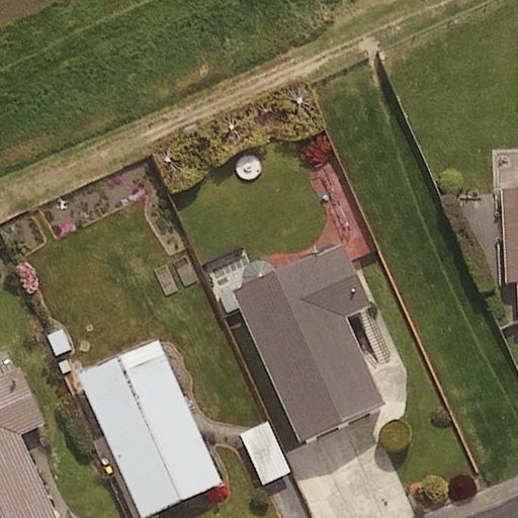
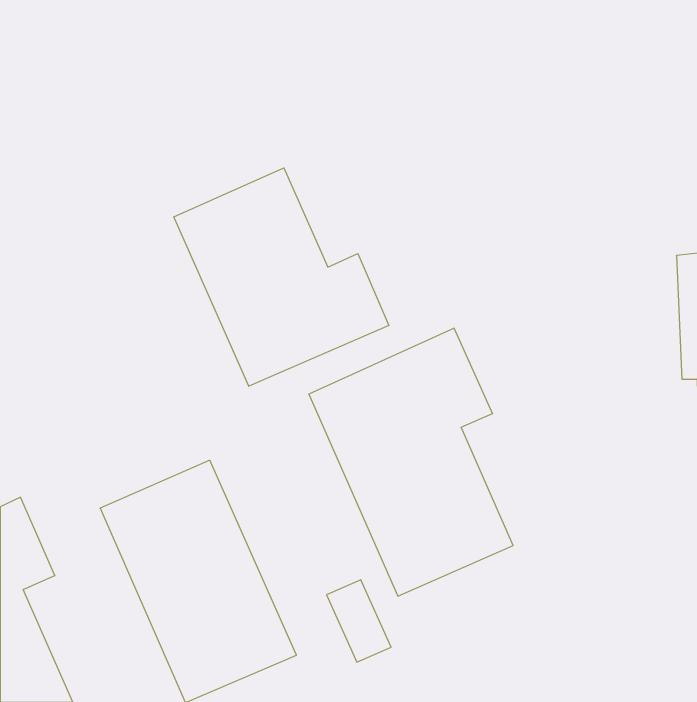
building: none -> [174,168,389,386]

